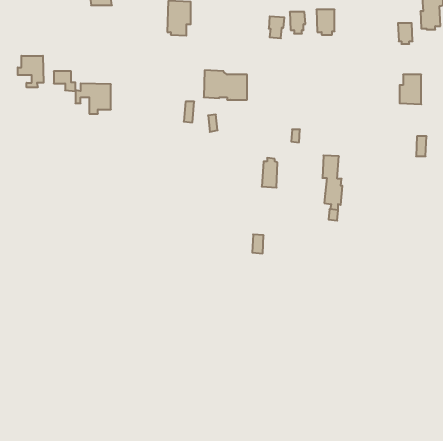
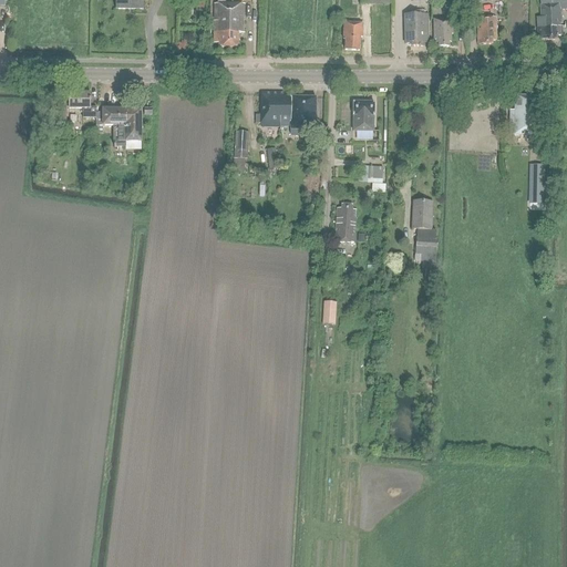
building: [290,12,305,34] -> [433,17,453,44]
building: [398,23,413,44] -> [477,16,496,42]
building: [18,56,44,87] -> none
building: none -> [353,100,373,128]

